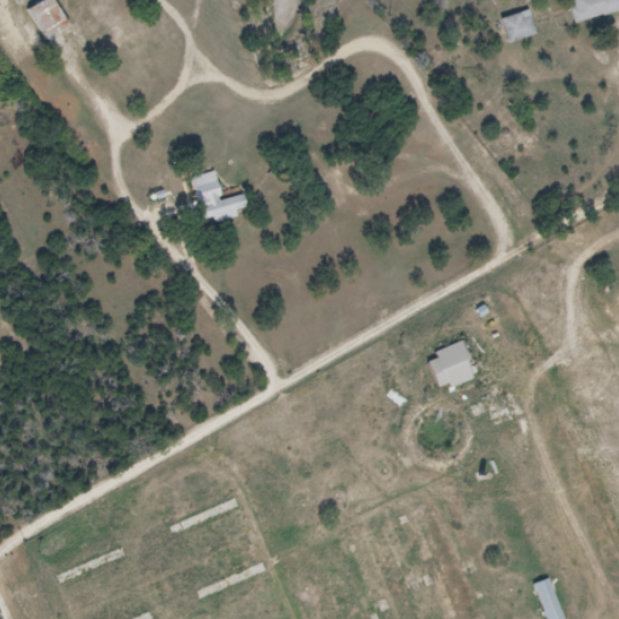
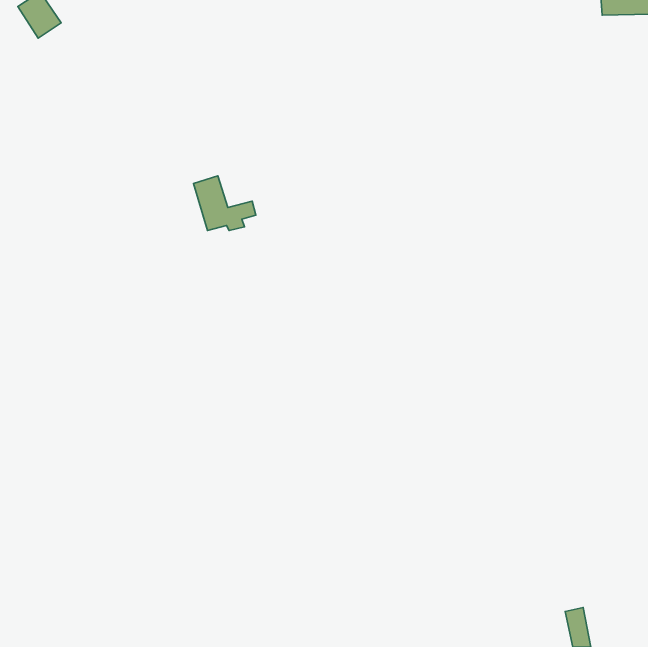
building: [504,8,540,41] -> none
building: [432,336,485,389] -> none

